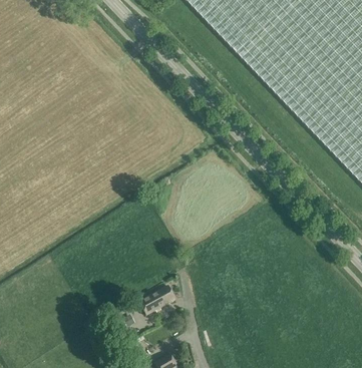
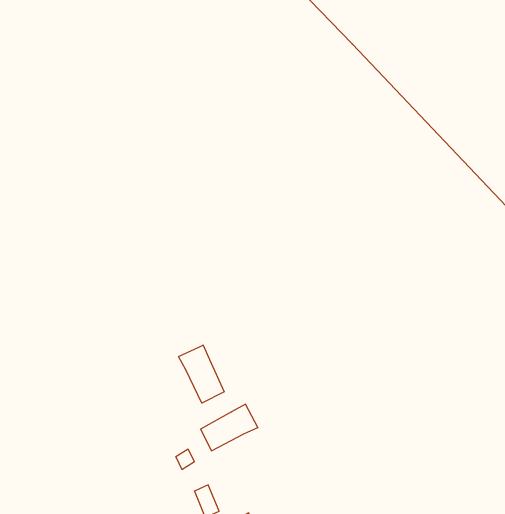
building: none -> [179,345,224,403]

